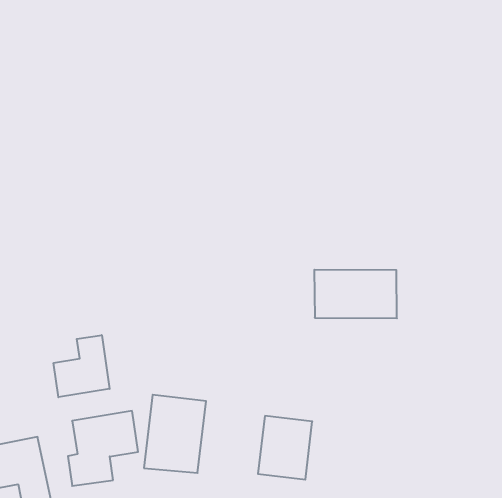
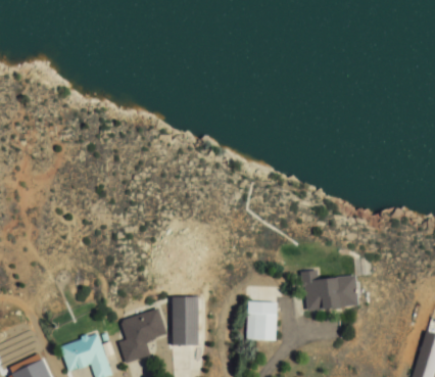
building: [314,270,397,318] -> [303,274,361,312]
building: [54,335,110,397] -> none

